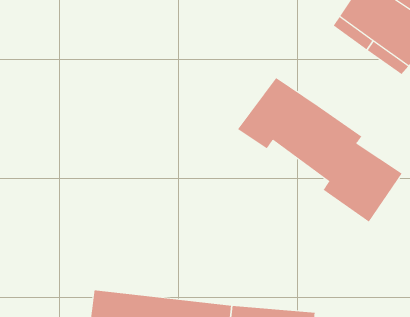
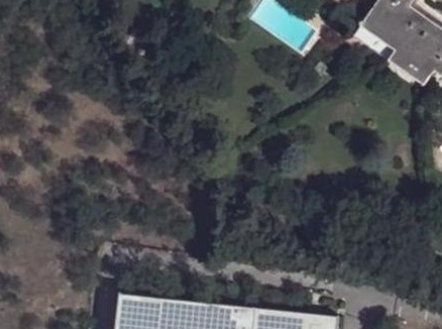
building: [237,77,402,222] -> none

